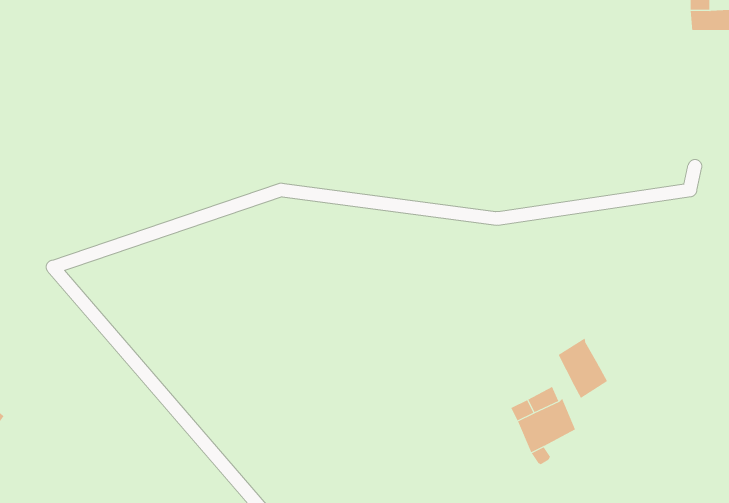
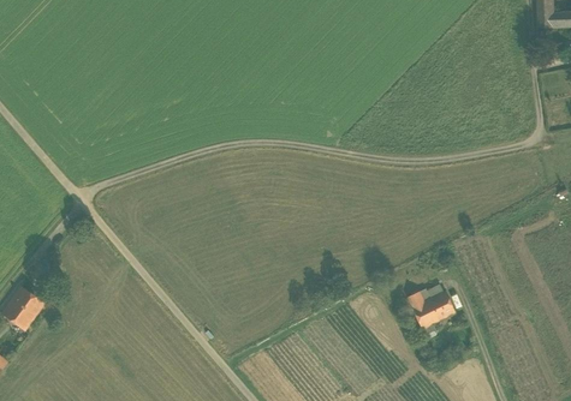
building: [558,338,608,399] -> none

